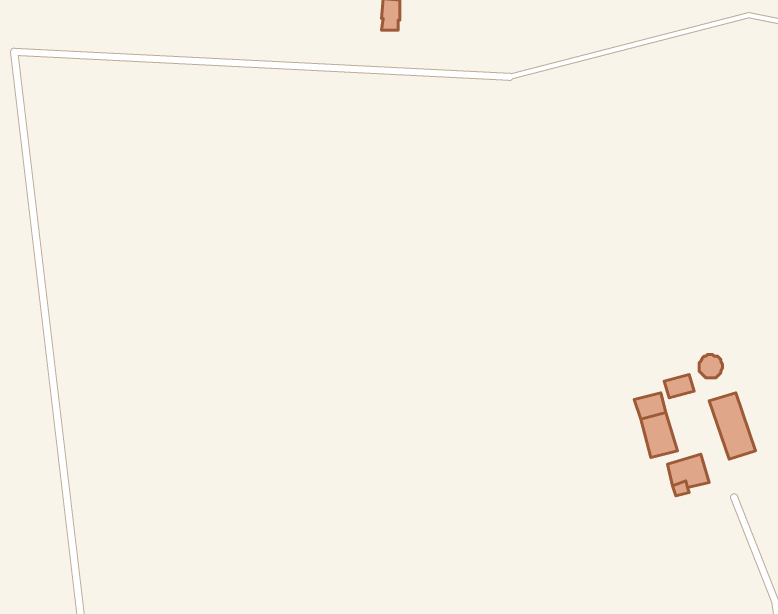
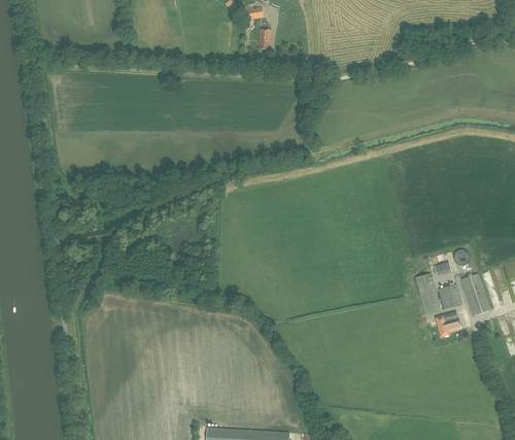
building: none -> [438,283,461,308]

